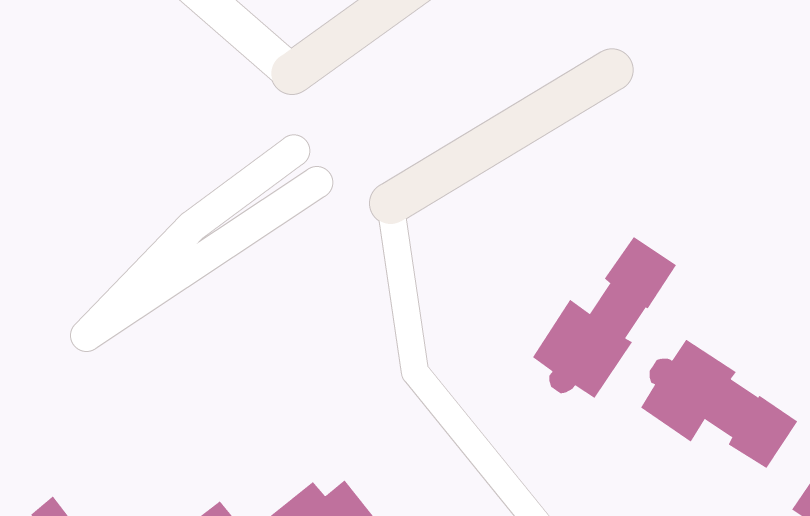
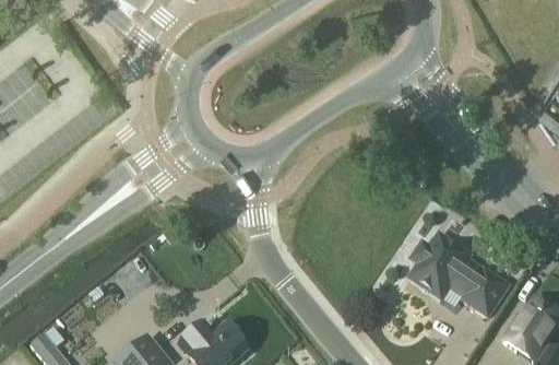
building: [532,236,677,399] -> none

